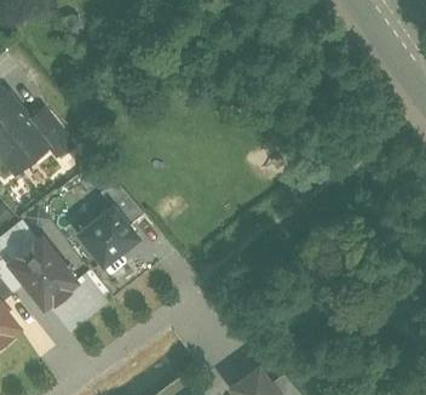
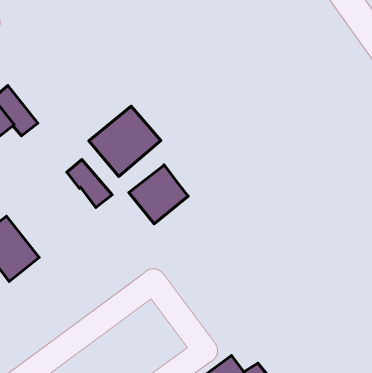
building: none -> [89,106,161,177]
building: [79,208,136,265] -> [129,165,188,224]

